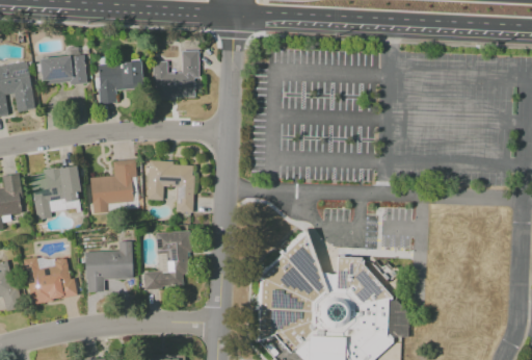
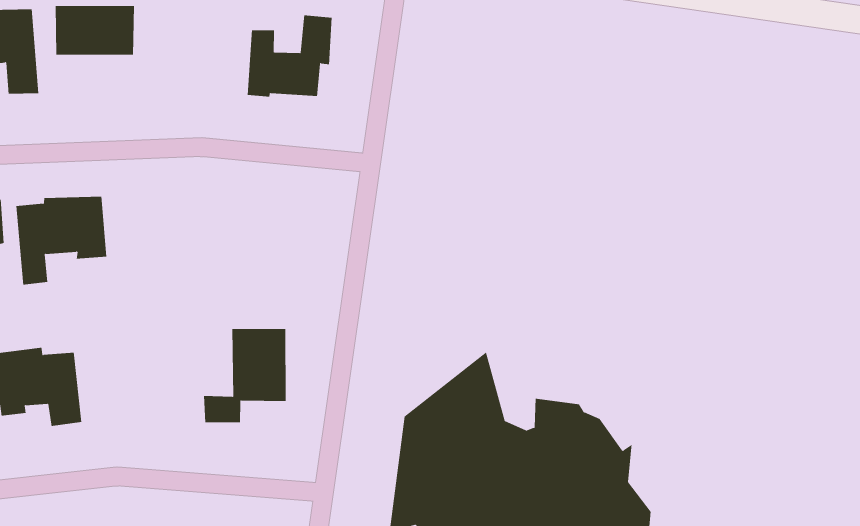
building: [99,60,142,102] -> none
building: [90,160,138,213] -> none
building: [147,161,195,215] -> none
building: [85,252,132,294] -> none

